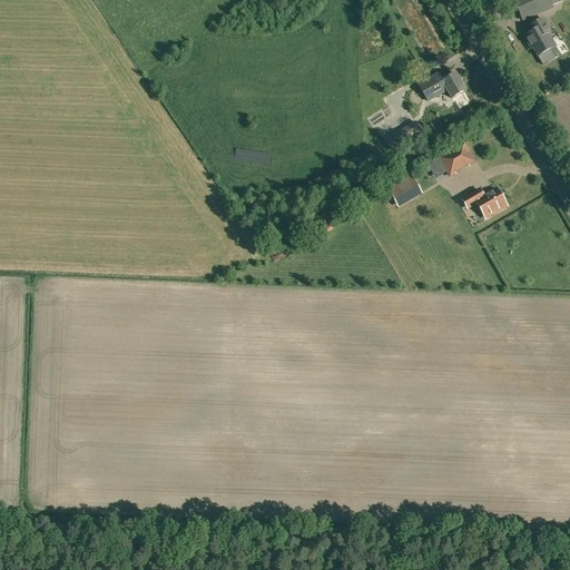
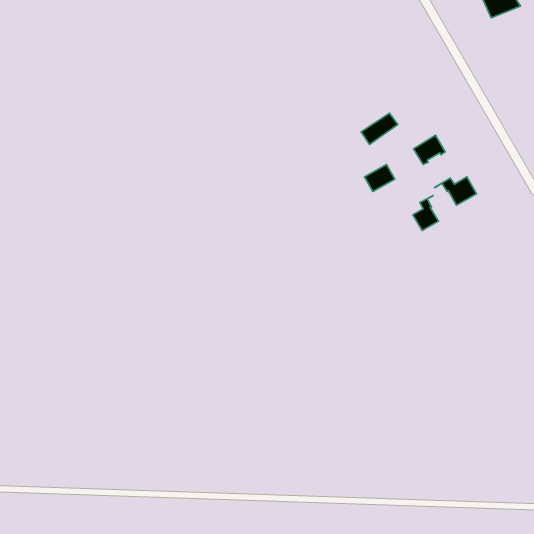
building: [525,18,557,65] -> none
building: [420,73,466,100] -> none
building: none -> [413,195,438,230]

